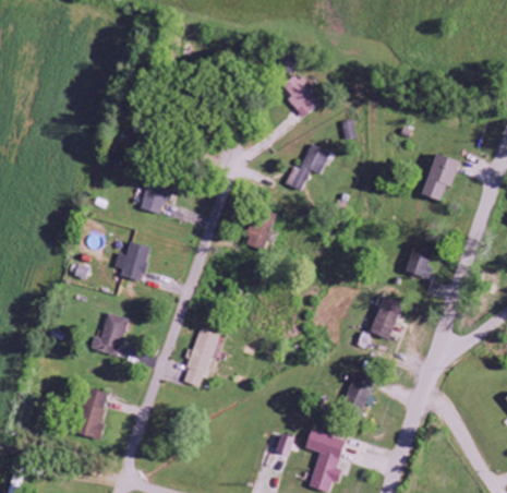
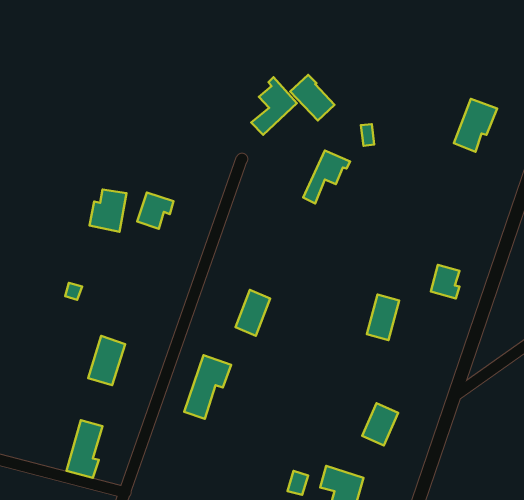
building: none -> [251,77,297,135]
building: [421,153,460,201] -> [454,99,497,152]
building: [244,208,276,250] -> [235,290,270,336]
building: [116,242,149,280] -> [89,190,127,232]
building: [372,297,401,338] -> [367,294,399,340]

